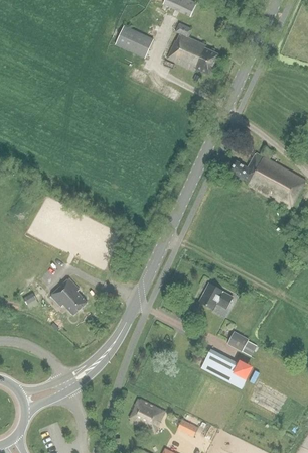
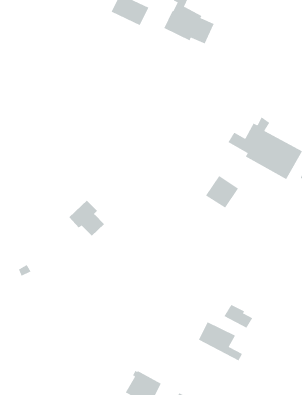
building: none -> [205,175,239,209]
building: [50,277,87,314] -> [68,200,105,236]
building: [198,284,232,309] -> none

